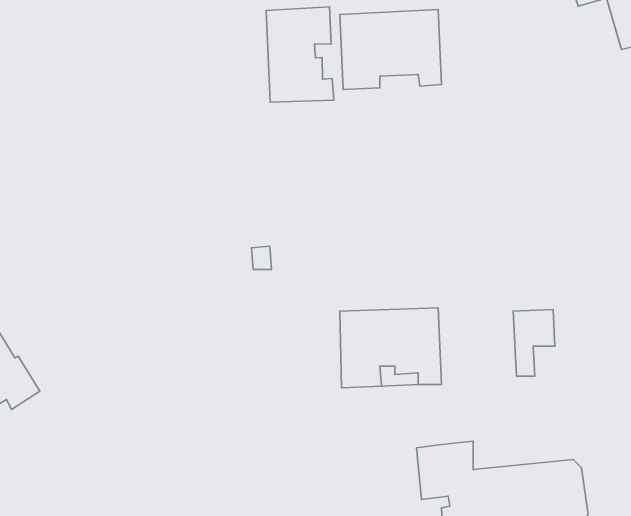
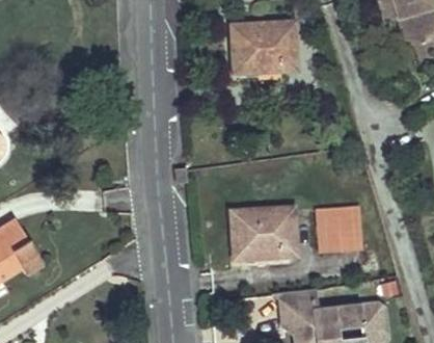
building: [266,7,334,102] -> none
building: none -> [317,210,342,252]

